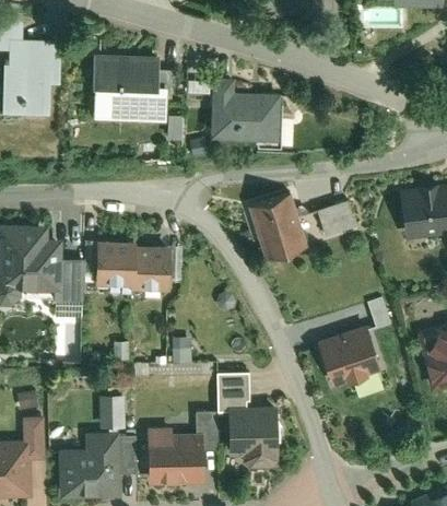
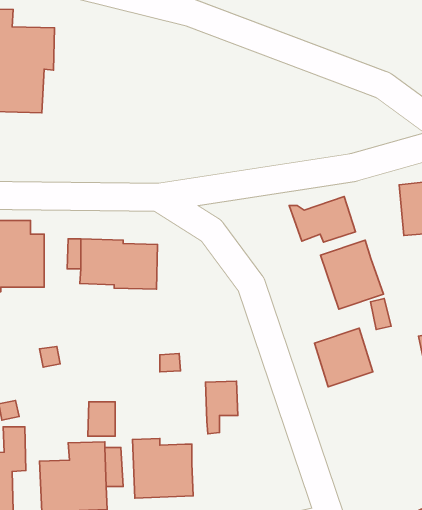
building: [101,54,173,121] -> none
building: [220,81,289,142] -> none
building: [247,191,307,257] -> [320,240,383,309]
building: [54,258,81,296] -> none
building: [228,408,279,468] -> none
building: [196,414,219,455] -> none

